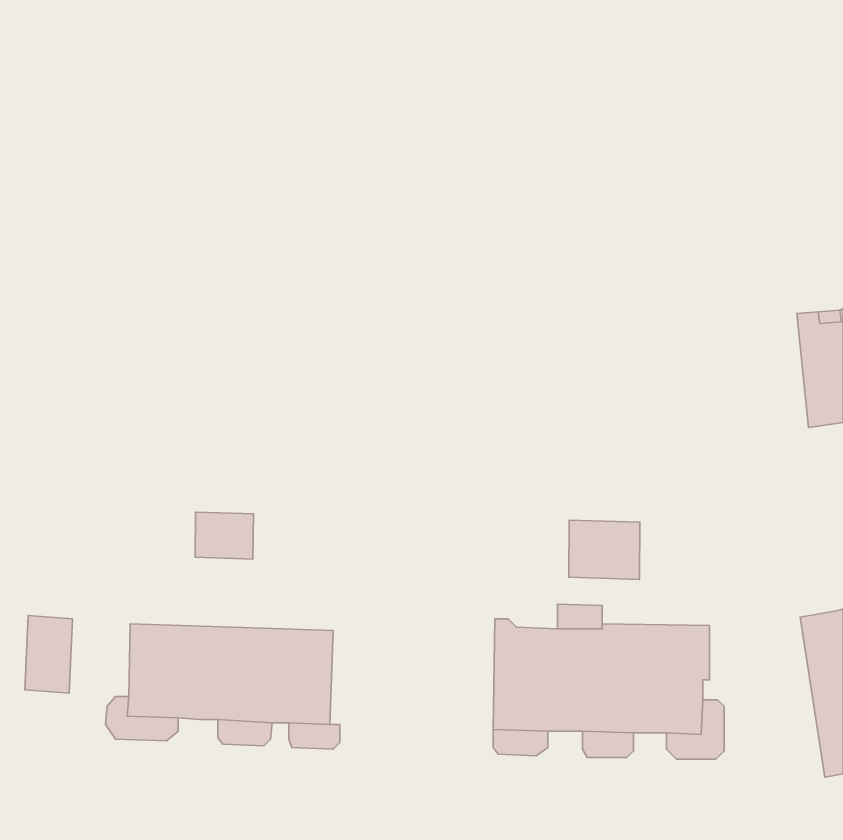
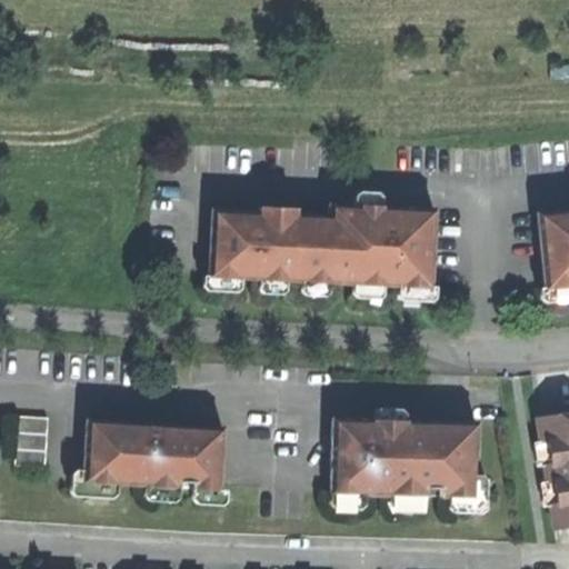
building: none -> [211,204,436,286]
building: [195,512,253,559] -> none
building: [569,520,640,579] -> none

